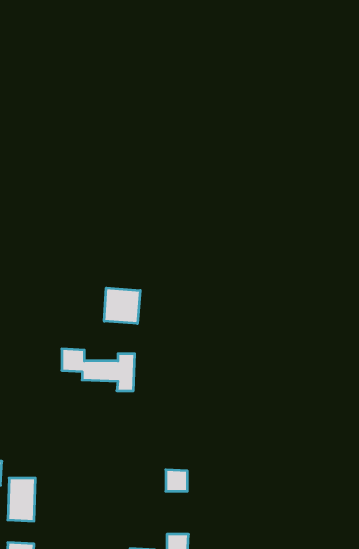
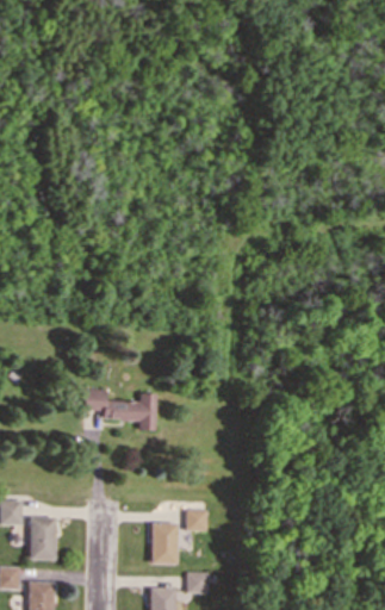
building: [104,288,140,324] -> none
building: none -> [151,523,179,564]

